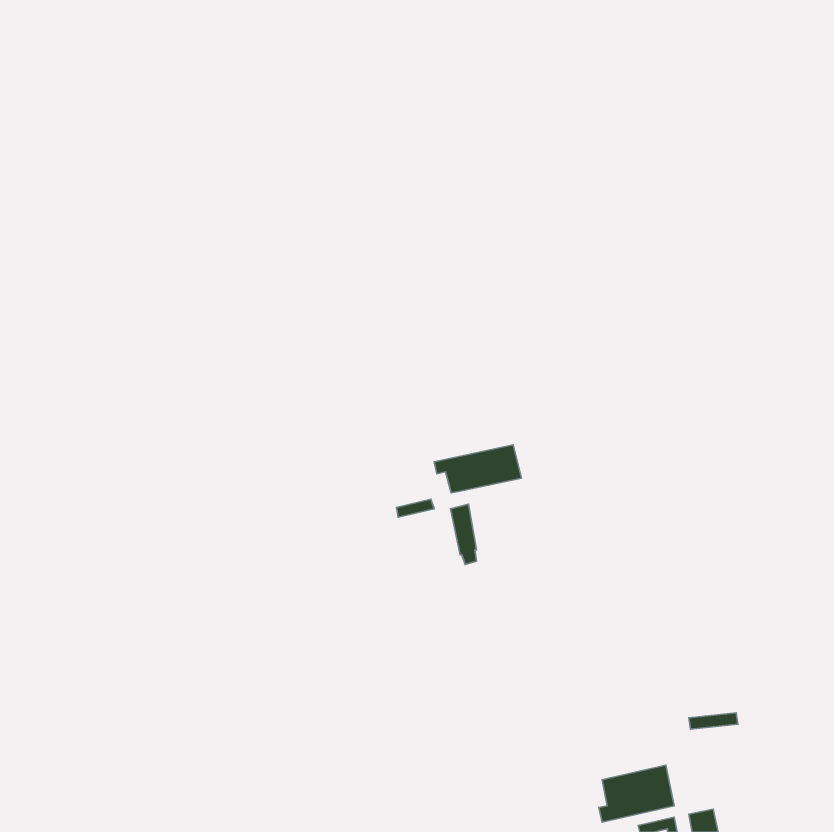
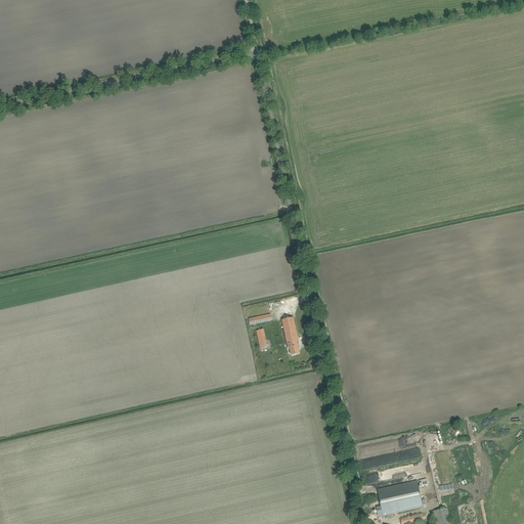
building: [434,445,521,493] -> none

